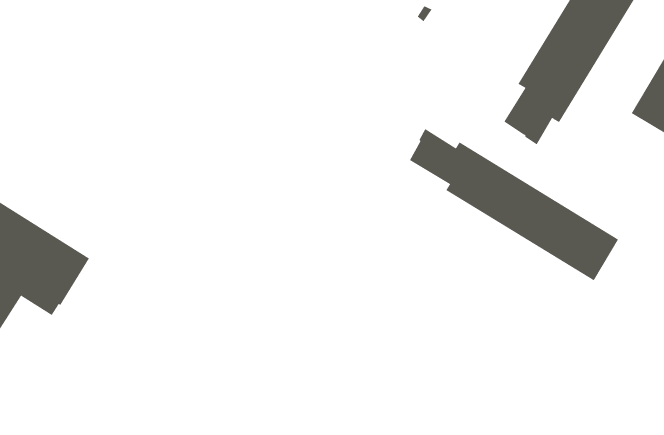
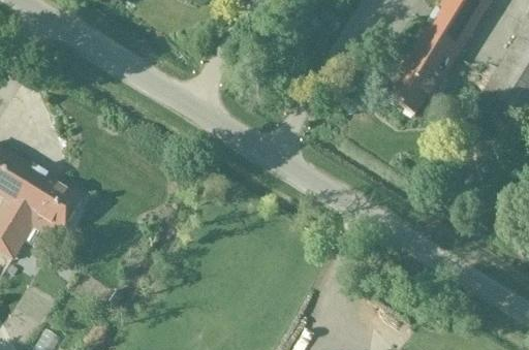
building: [409,128,619,281] -> none

